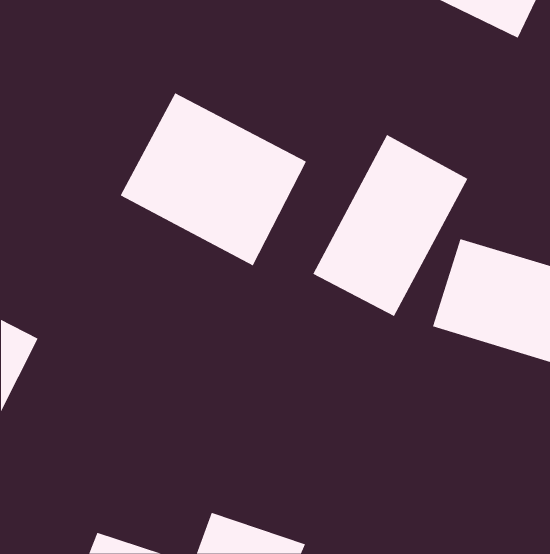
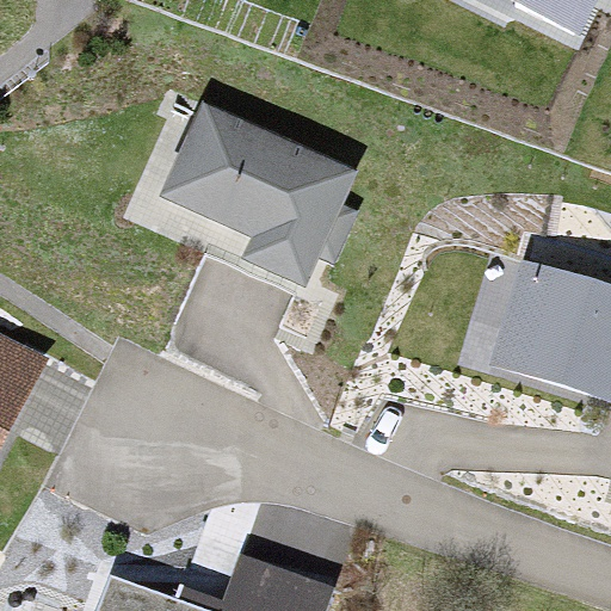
building: [313,134,468,317] -> none

